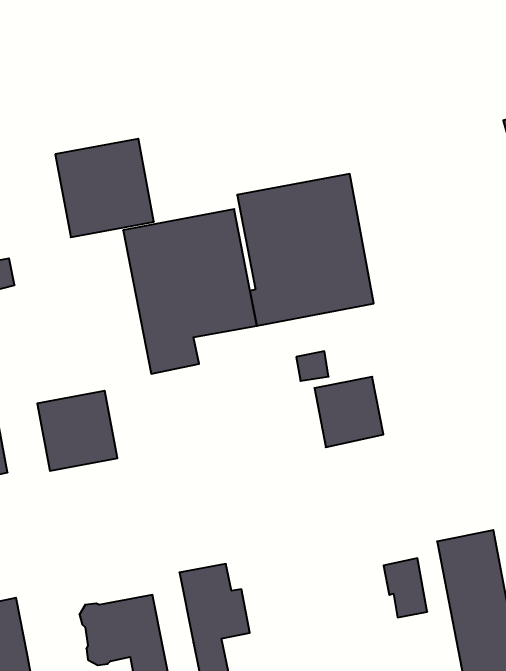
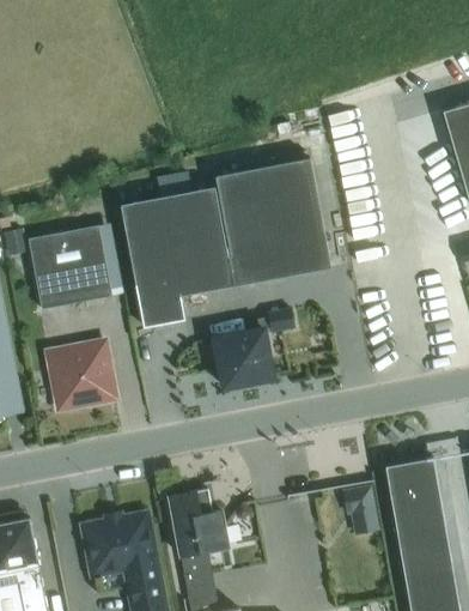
building: [55,139,154,237] -> [28,225,111,309]
building: [314,377,383,447] -> [214,328,273,388]

